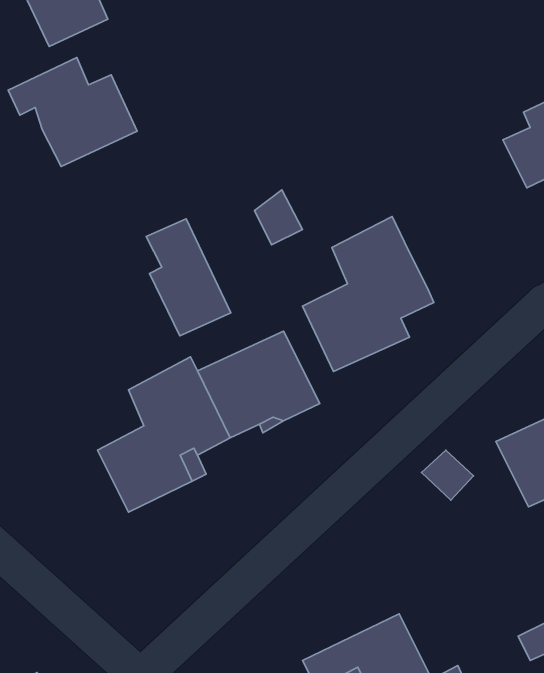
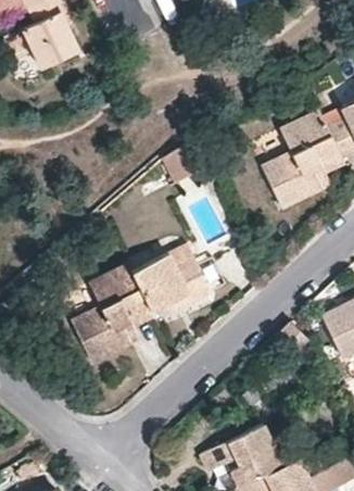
building: [8,57,137,167] -> none
building: [303,216,434,372] -> [262,110,344,207]
building: [146,219,231,336] -> none

